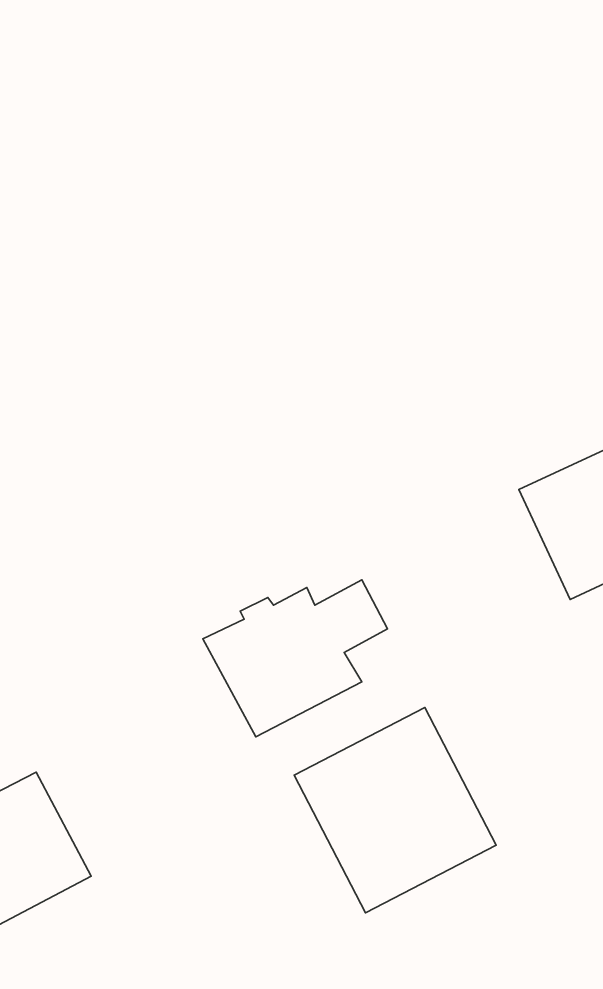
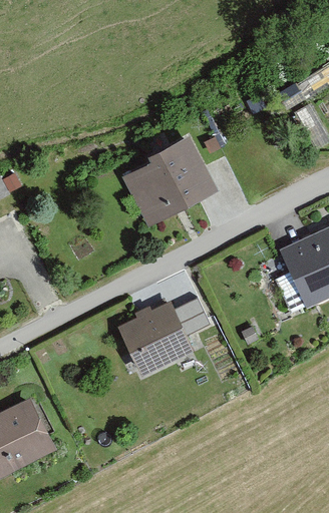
building: none -> [122,135,218,226]
building: [294,707,496,913] -> none

